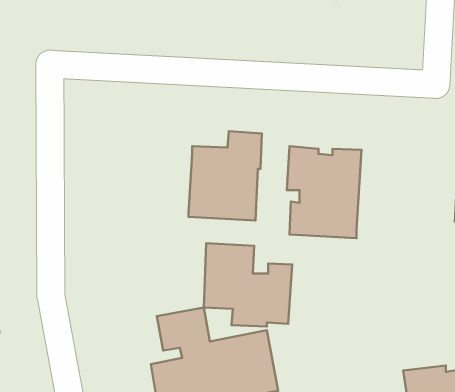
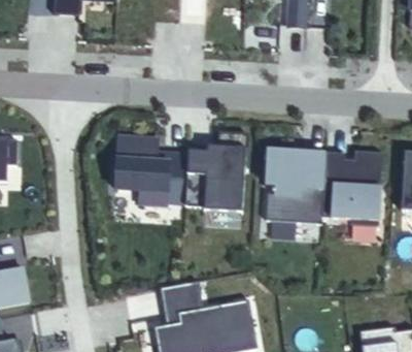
building: none -> [321,151,387,225]
building: [204,243,292,326] -> [115,136,187,204]

